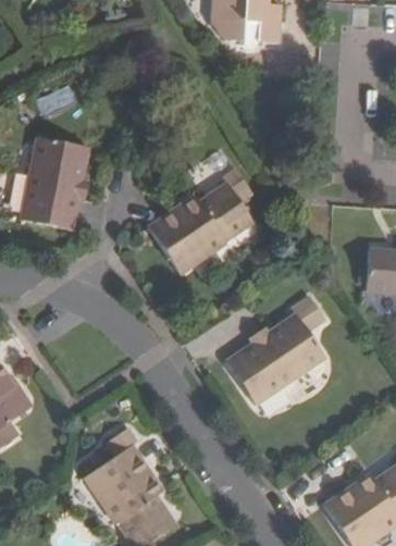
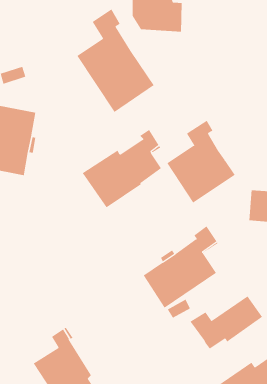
building: none -> [77,9,155,113]
building: none -> [167,120,235,203]
building: none -> [190,296,263,350]

